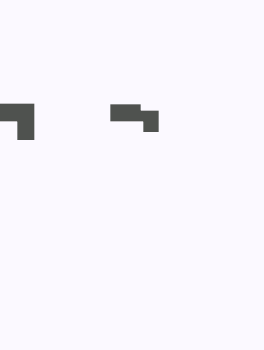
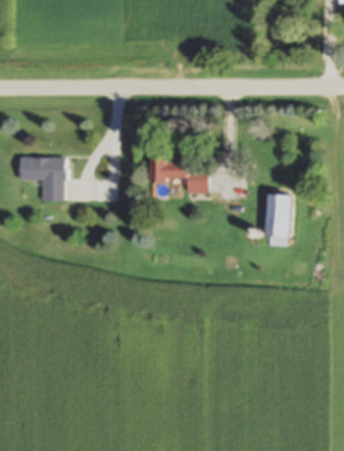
building: none -> [264,195,291,239]

